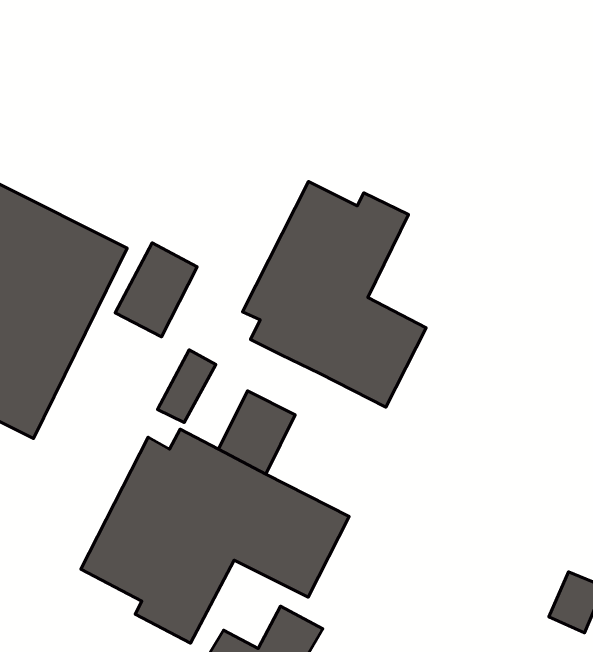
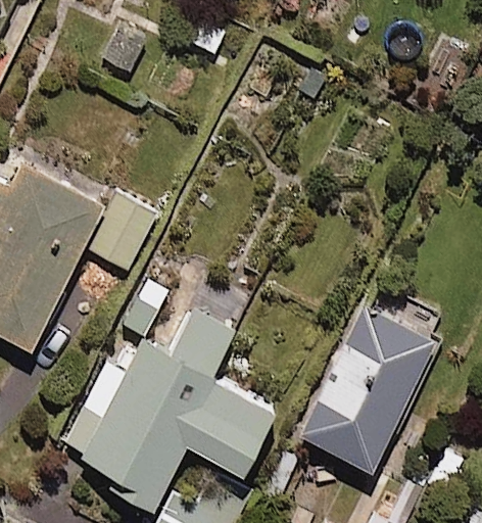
building: [243,182,426,407] -> none
building: none -> [302,311,435,474]

